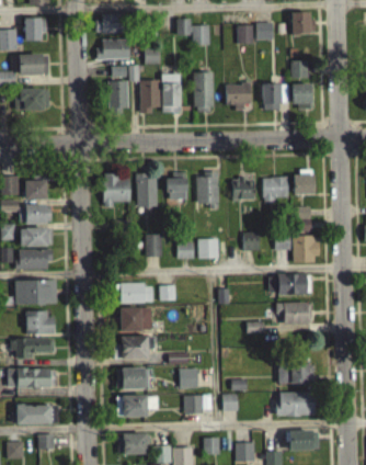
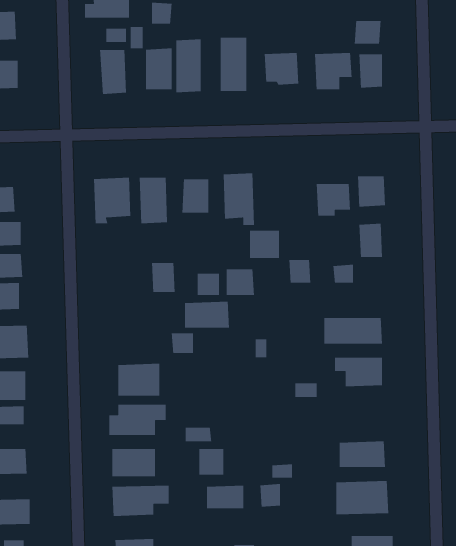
building: [232,179,254,200] -> [249,230,280,259]
building: [293,236,317,263] -> none
building: [121,283,153,303] -> [184,301,230,328]

